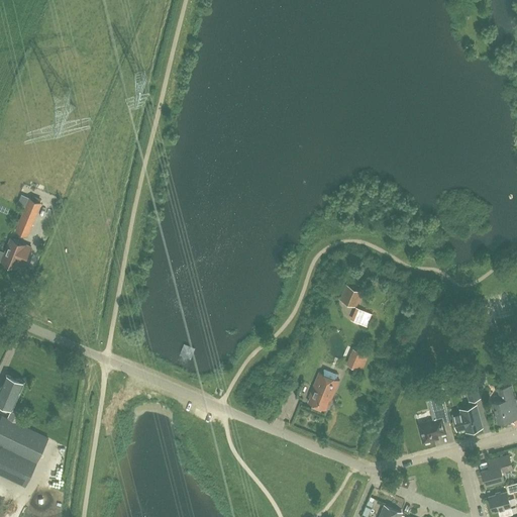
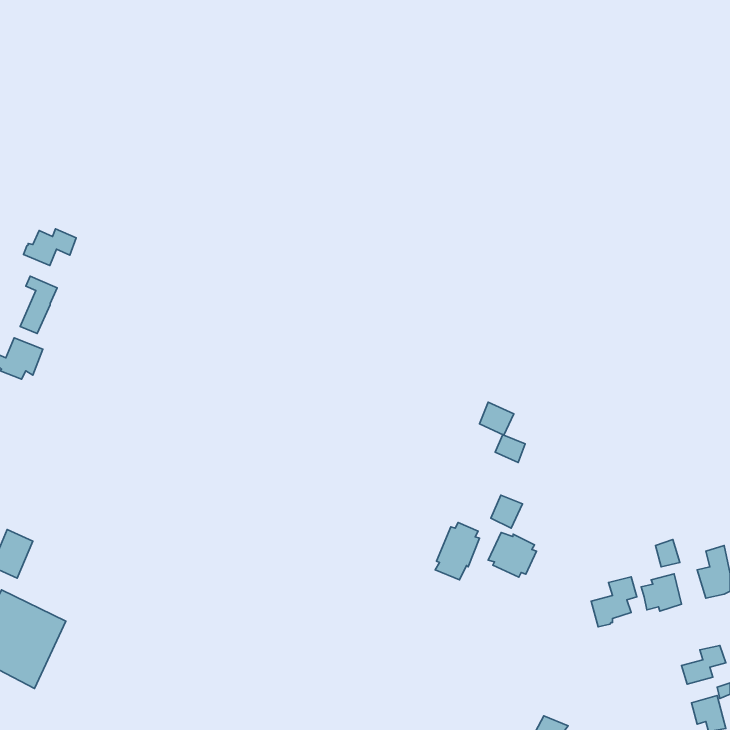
building: none -> [23,229,76,265]
building: none -> [488,532,537,577]

